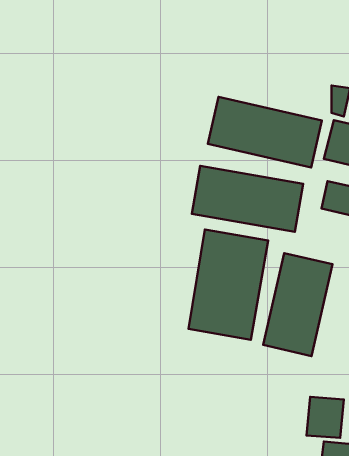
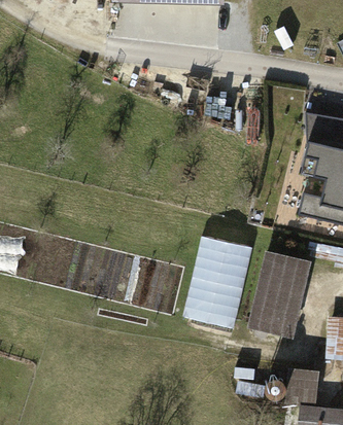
building: [208,97,322,167] -> none
building: [192,166,303,232] -> none

